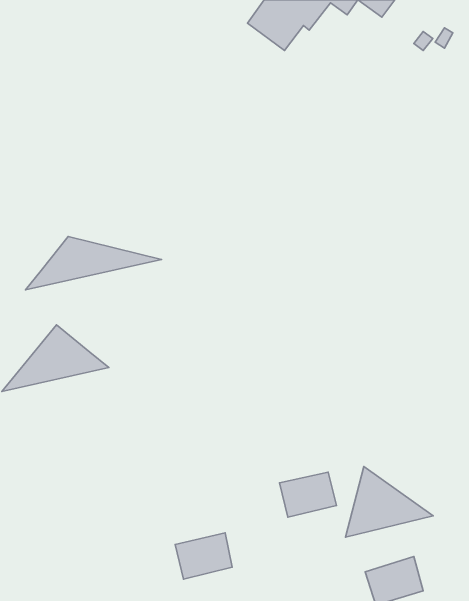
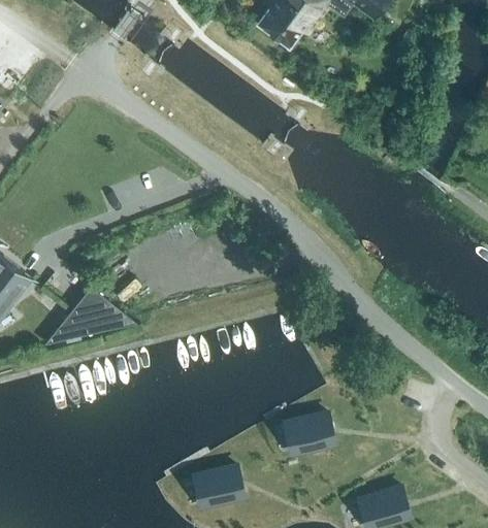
building: [26,237,161,290] -> none
building: [346,466,433,537] -> none

